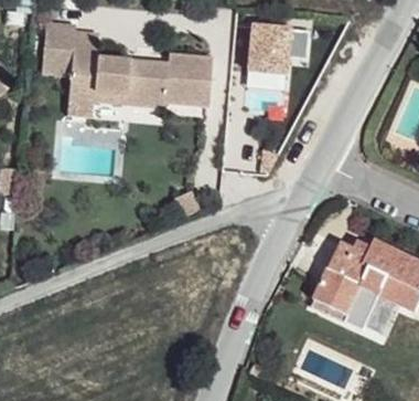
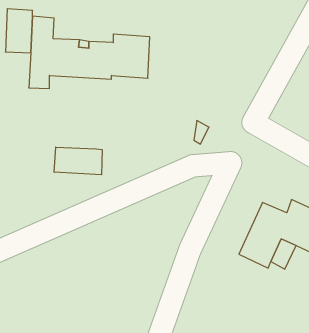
building: [250,27,312,75] -> none
building: none -> [54,147,102,175]

